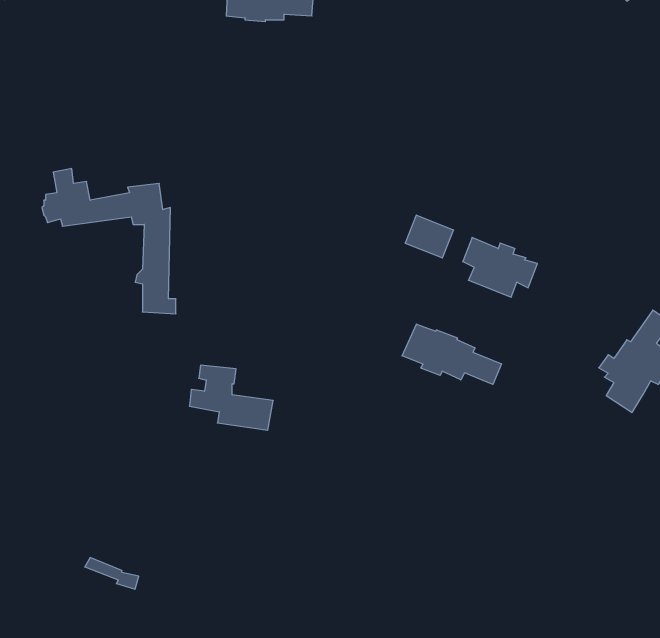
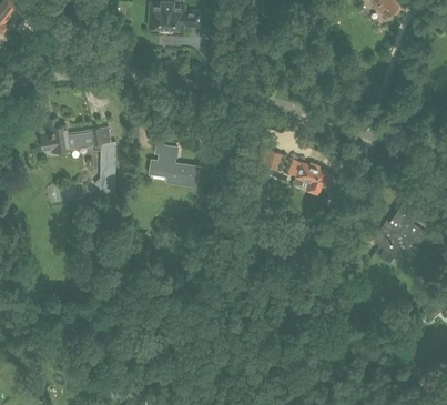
building: [402,324,501,384] -> none
building: [189,365,273,430] -> [150,146,200,185]

